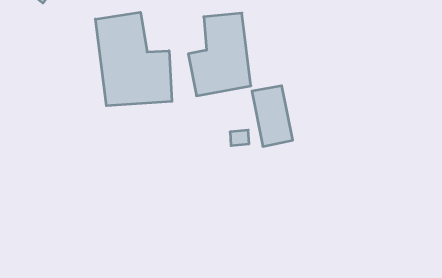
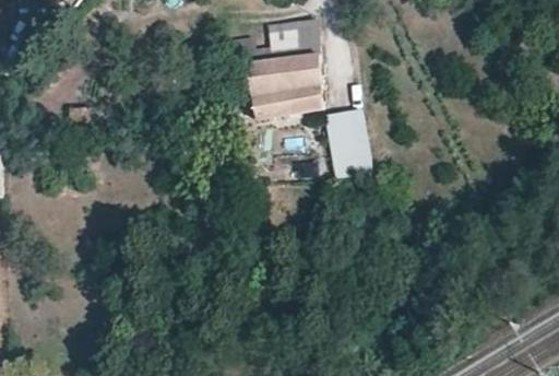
building: [95,12,172,106] -> none

